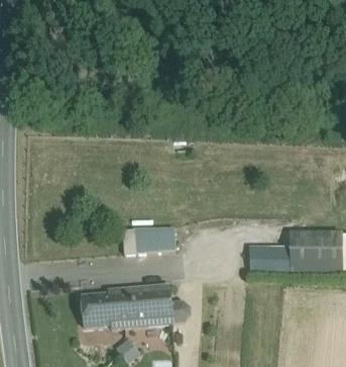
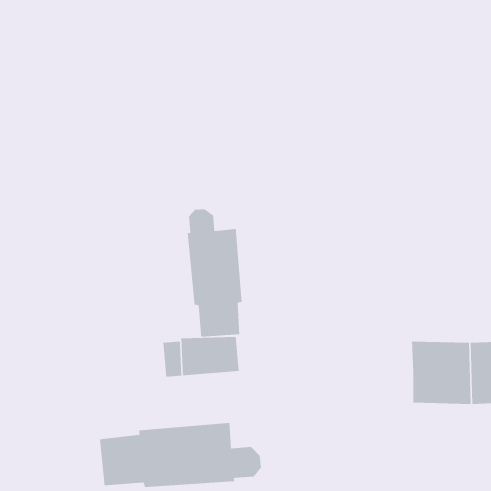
building: none -> [187,209,242,337]
building: [250,251,291,271] -> none

